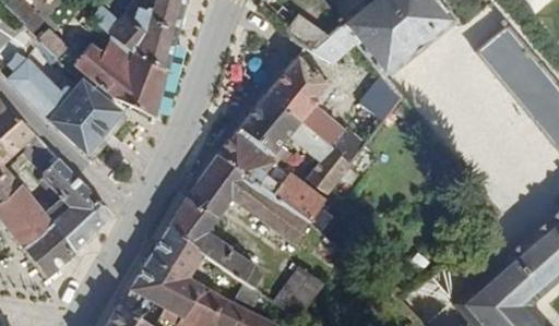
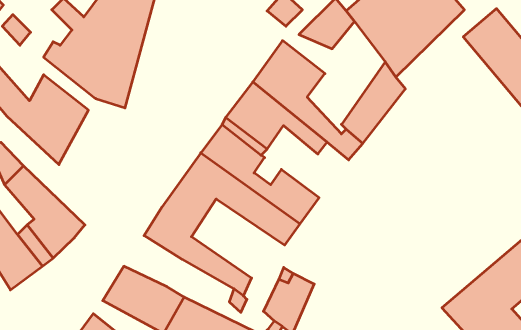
building: [314,145,358,193] -> none
building: [151,231,204,278] -> none

